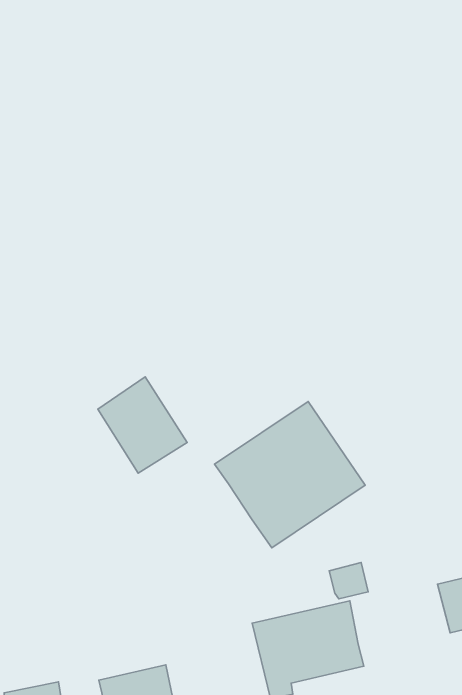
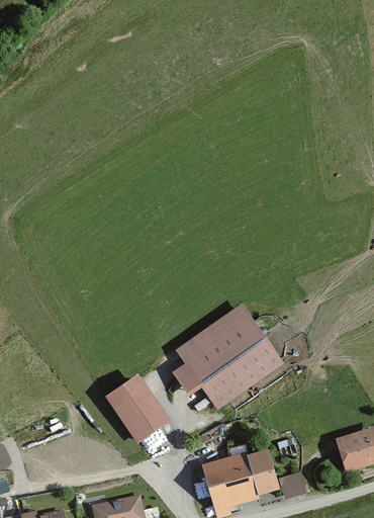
building: [98,377,187,473] -> [106,373,171,443]
building: none -> [172,362,201,397]
building: [329,563,368,599] -> [278,472,306,499]

